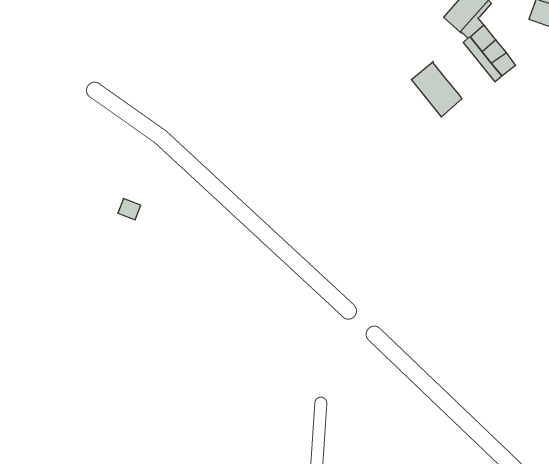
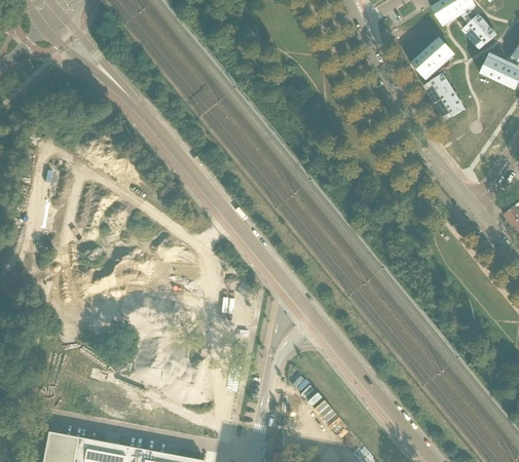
building: [411,61,462,117] -> none

